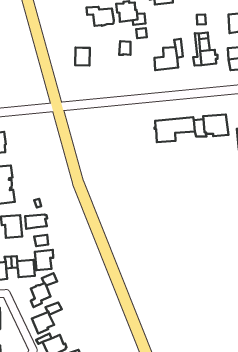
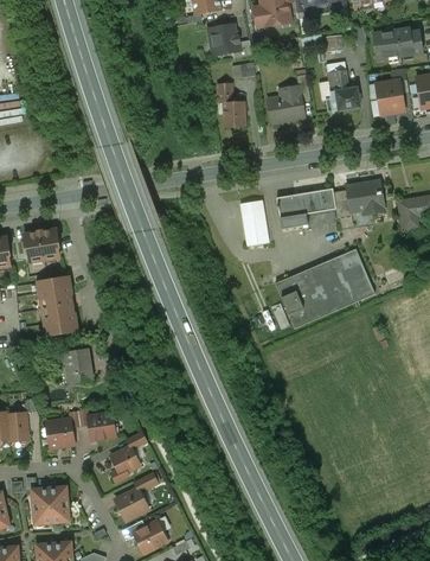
building: [86,7,114,26] -> none
building: [75,48,90,65] -> [223,101,245,128]
building: none -> [239,199,269,246]
building: none -> [275,249,374,327]
building: [25,215,47,229] -> none
building: [35,250,53,270] -> none

